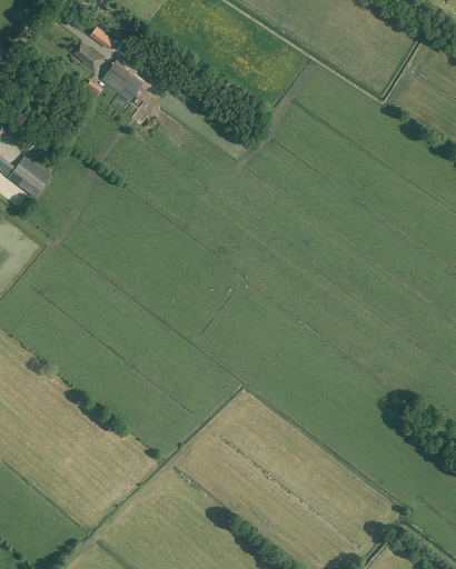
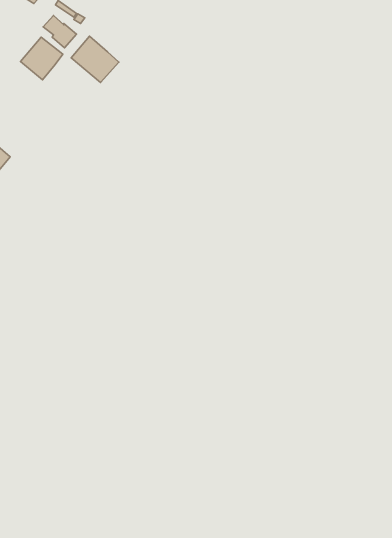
building: none -> [21,37,63,80]

